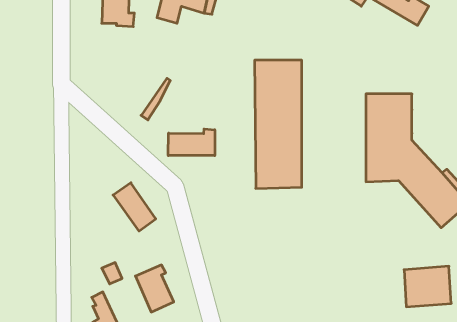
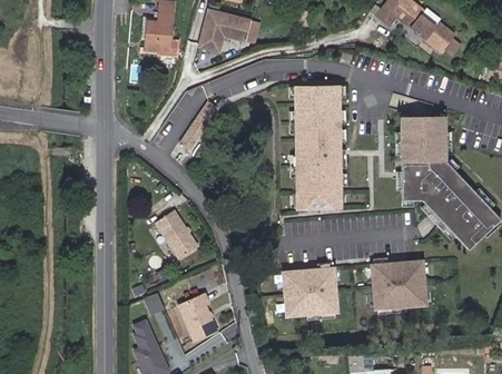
building: [168,129,215,156] -> none
building: none -> [285,267,332,316]
building: [404,266,451,307] -> [374,266,421,306]

